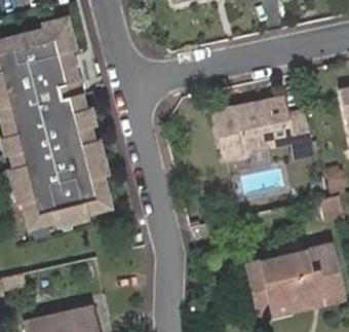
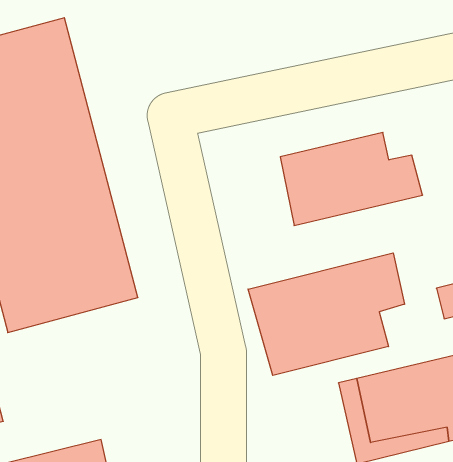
building: none -> [248,253,405,375]

